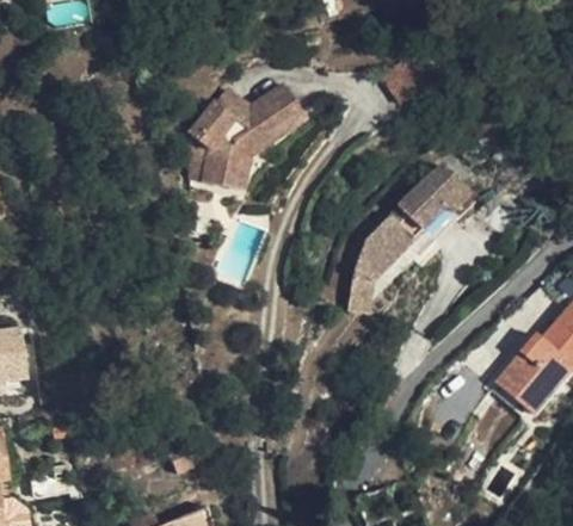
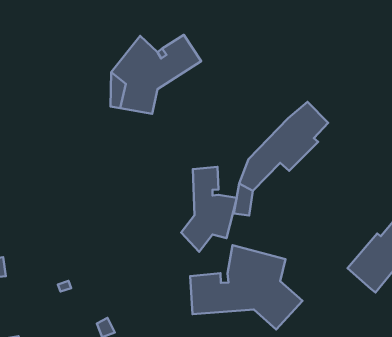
building: none -> [181,167,237,252]
building: none -> [190,245,303,329]

